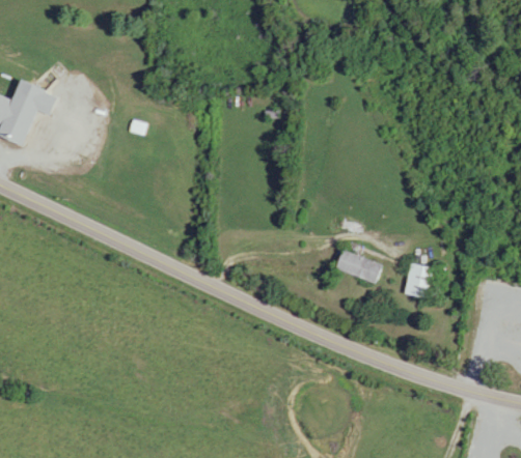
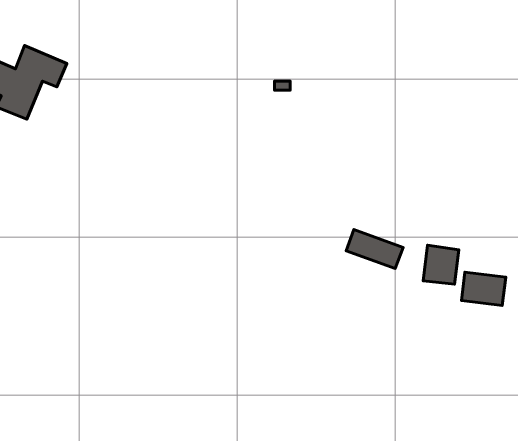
building: none -> [461,272,506,306]

